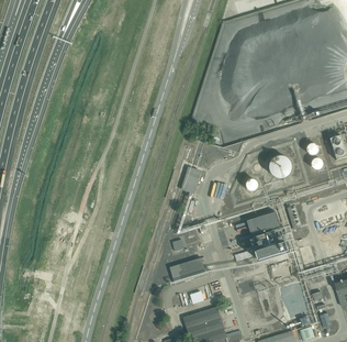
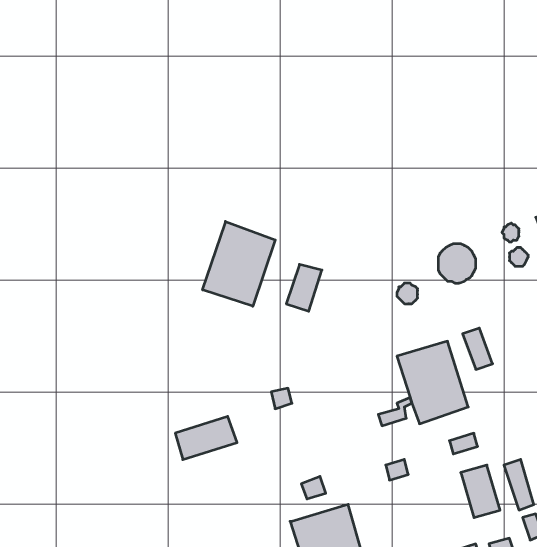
building: none -> [203,221,275,306]
building: [170,257,206,283] -> [175,416,237,460]

